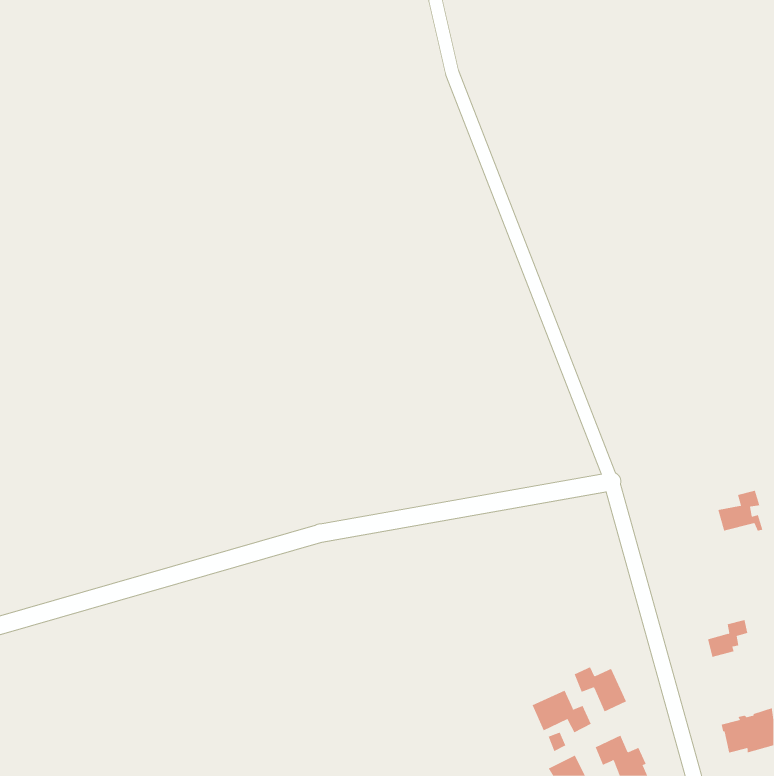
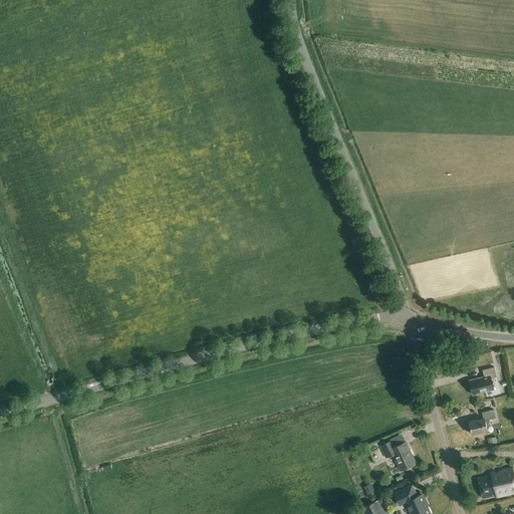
building: [718,490,763,531] -> [468,367,498,395]
building: [532,690,591,733] -> none

